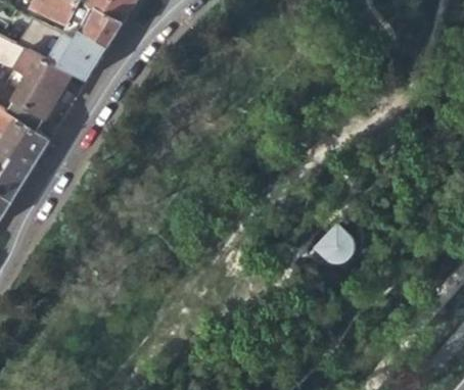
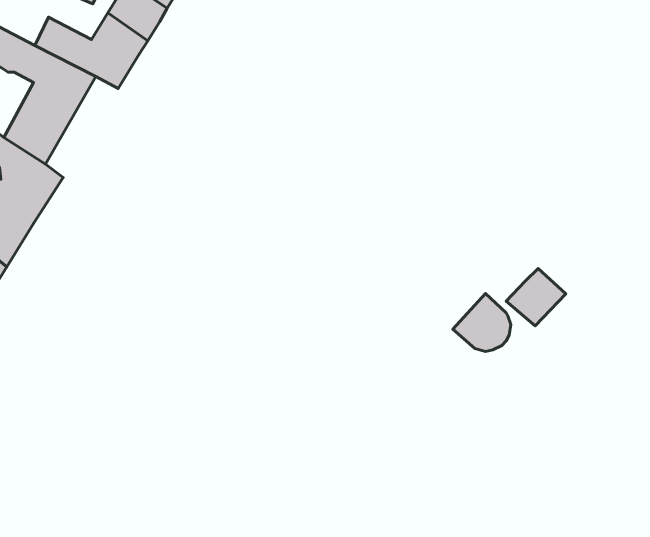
building: none -> [506,268,566,326]

